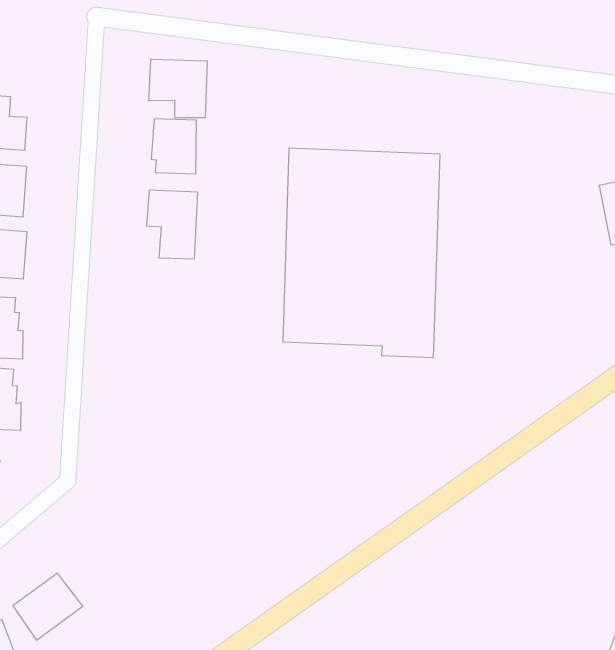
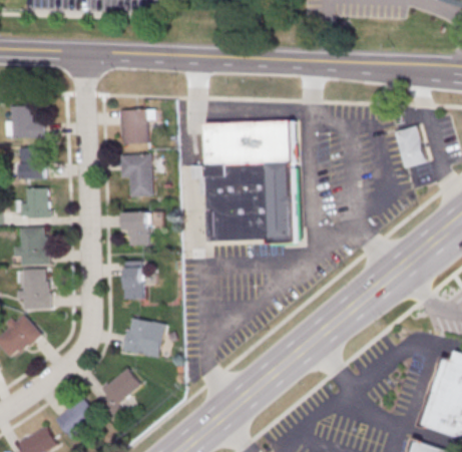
building: [149,59,207,118] -> none
building: none -> [121,213,149,247]
building: none -> [123,260,142,298]
building: none -> [123,319,165,358]
building: none -> [100,366,142,412]

